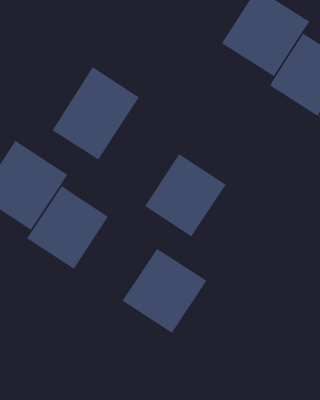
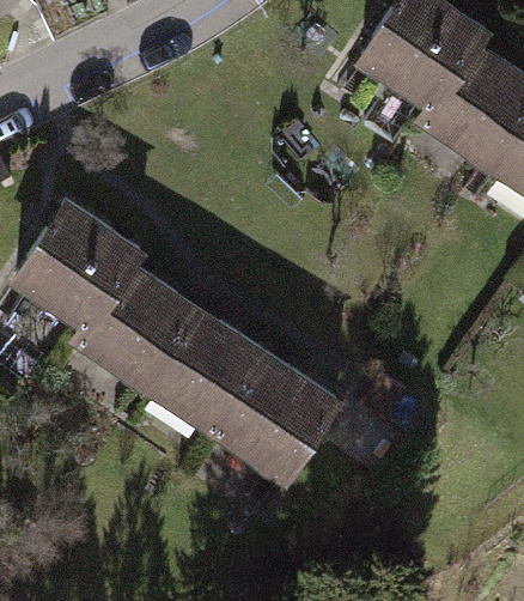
building: [51,66,140,161] -> none
building: [144,153,227,238] -> [148,311,266,431]

